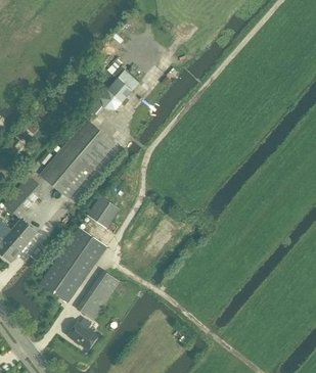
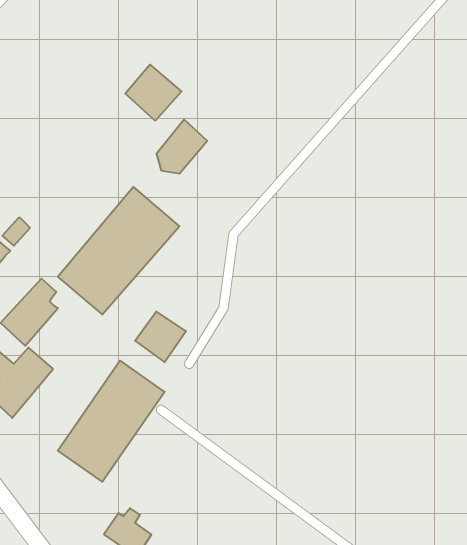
building: none -> [125,65,182,121]
building: [77,270,119,320] -> none

